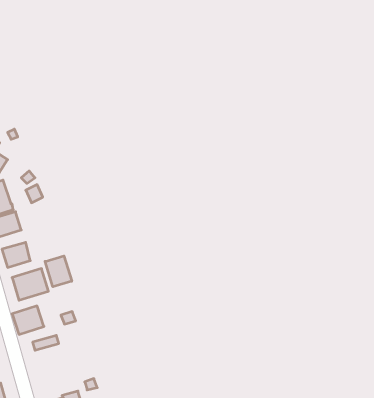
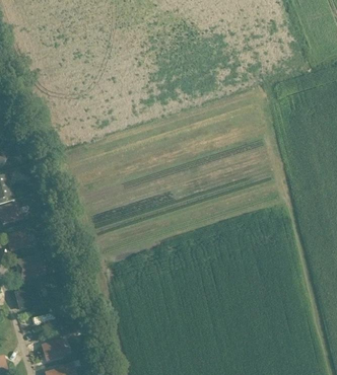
building: [45,256,72,287] -> none
building: none -> [41,338,66,360]

